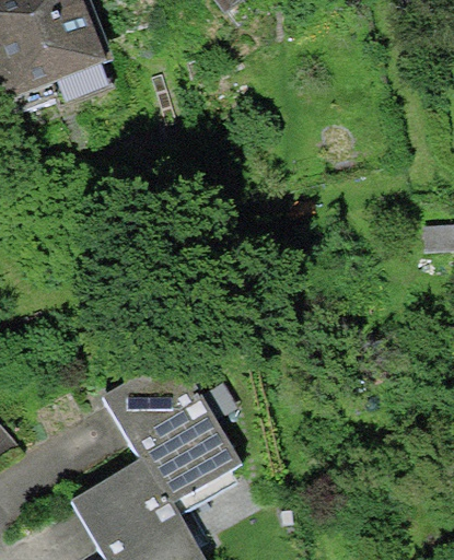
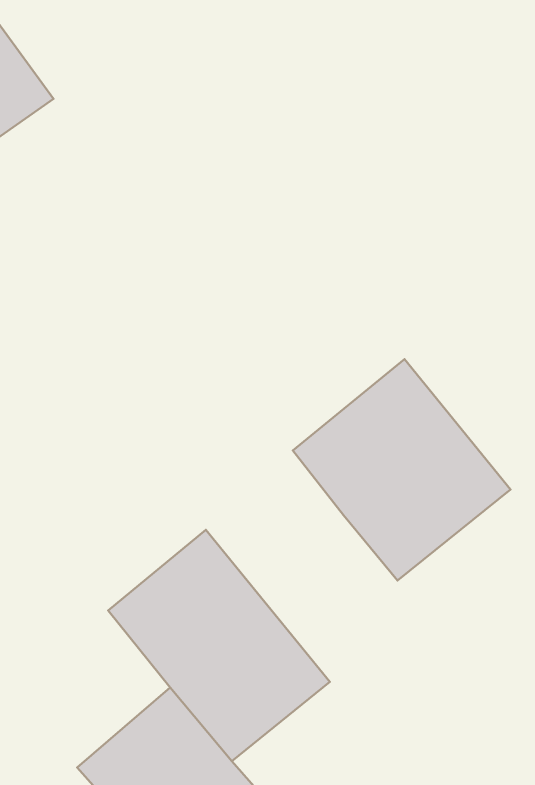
building: none -> [293,359,511,580]

